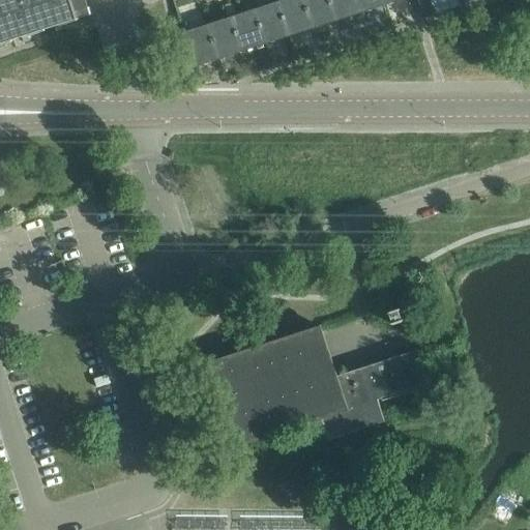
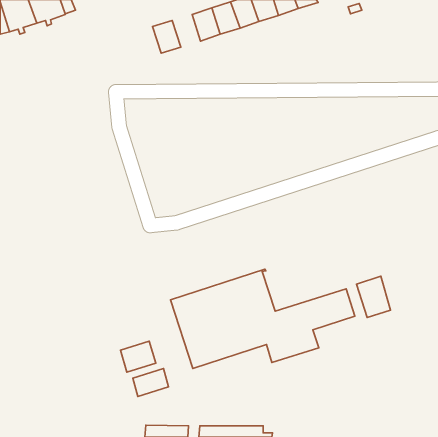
building: [208,18,242,57] -> none
building: none -> [357,276,390,318]
building: none -> [121,341,156,372]
building: none -> [133,369,169,397]

